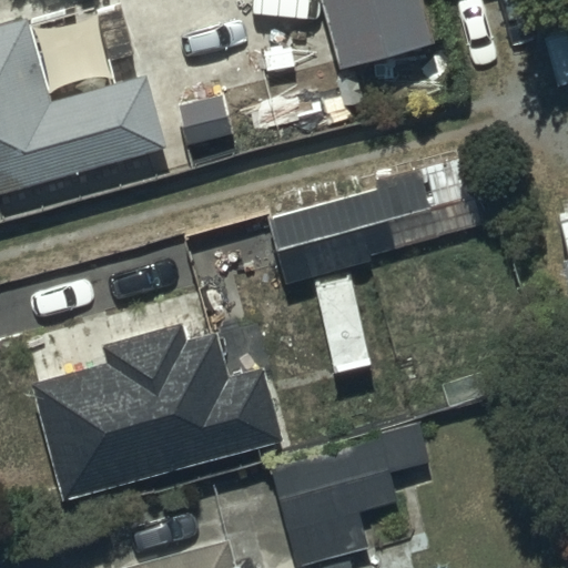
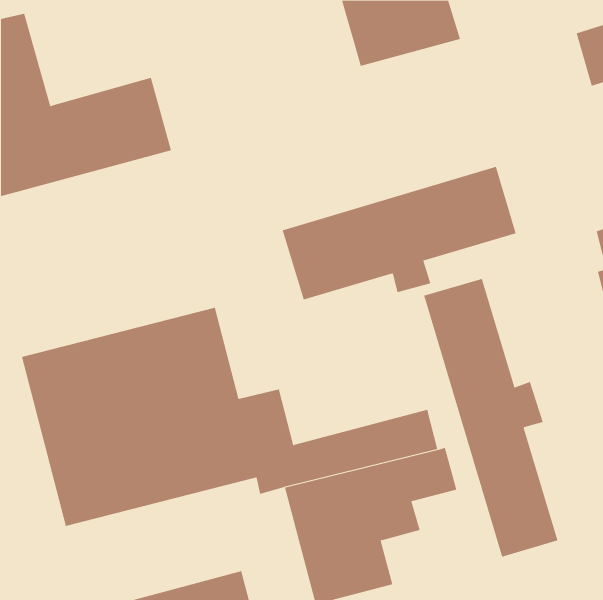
building: none -> [424,278,558,558]

